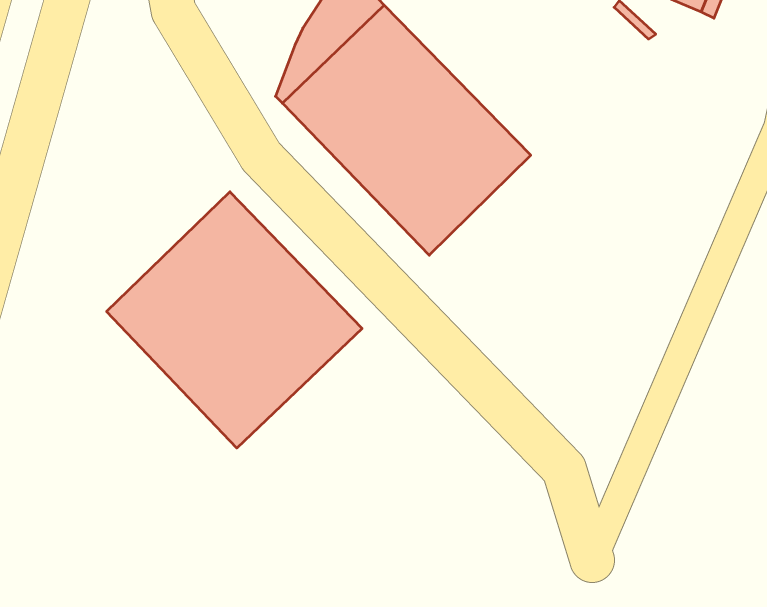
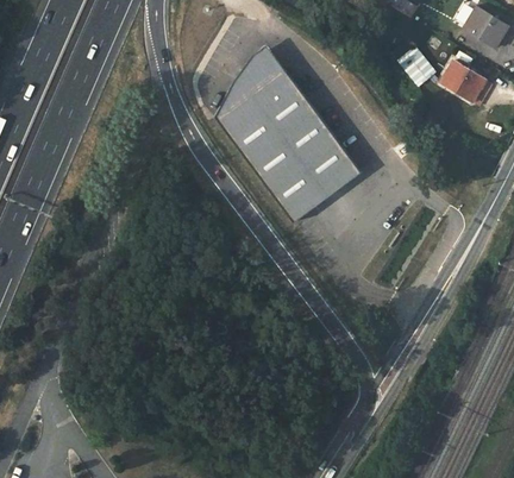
building: [107,192,362,448] -> none

